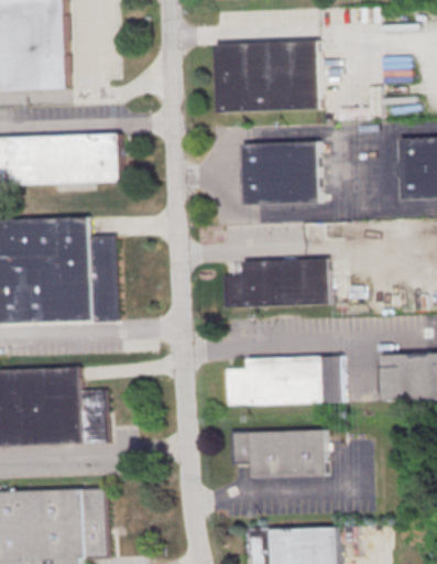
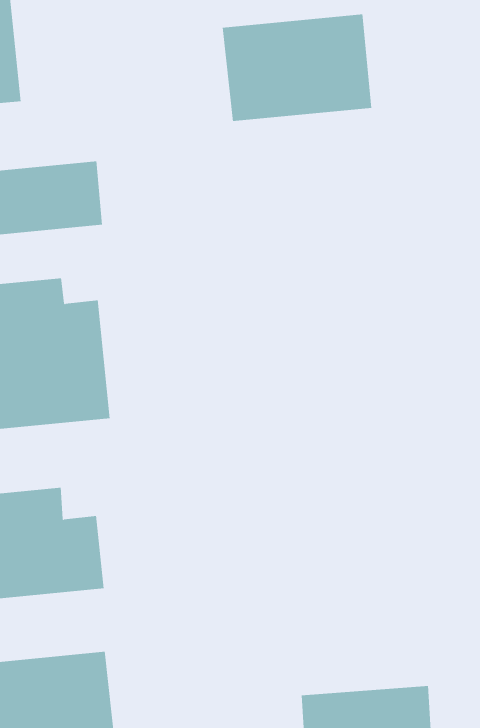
building: [241,141,319,204] -> none
building: [221,258,329,306] -> none
building: [223,357,343,406] -> none
building: [229,431,324,480] -> none

